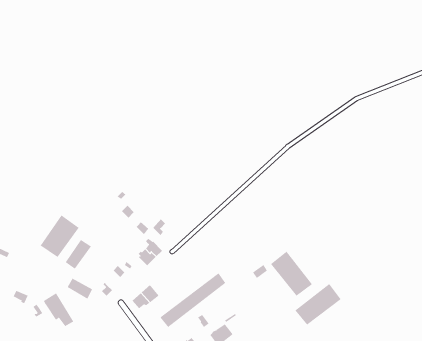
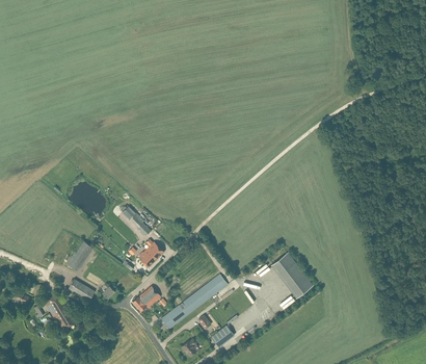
building: [40,214,79,258] -> none
building: [294,283,341,326] -> none

